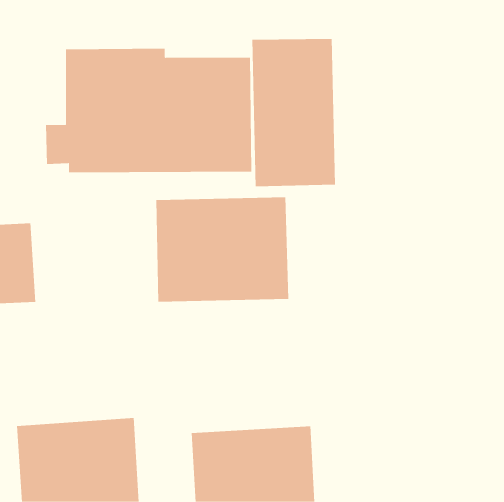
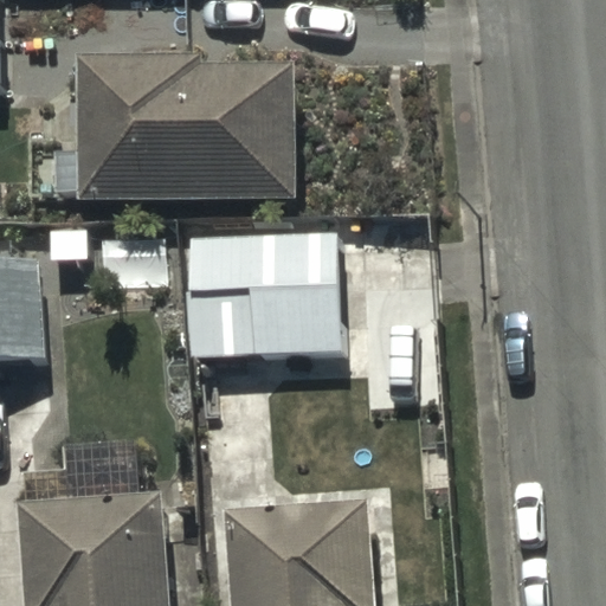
building: [252,38,335,187] -> none

